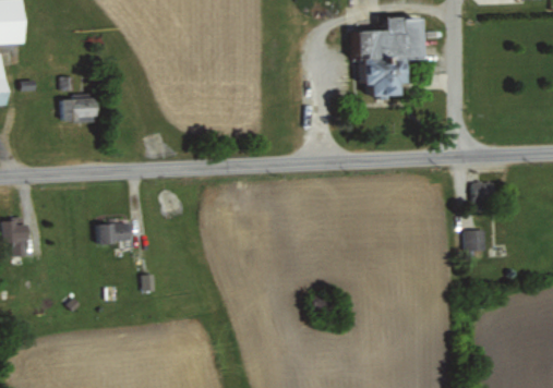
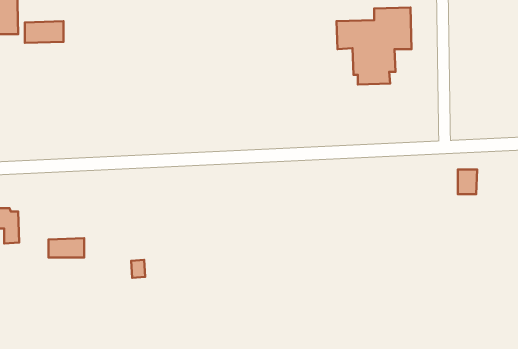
building: [59,98,98,120] -> [25,21,64,43]
building: [95,223,131,243] -> [49,238,84,258]
building: [464,230,484,251] -> none

